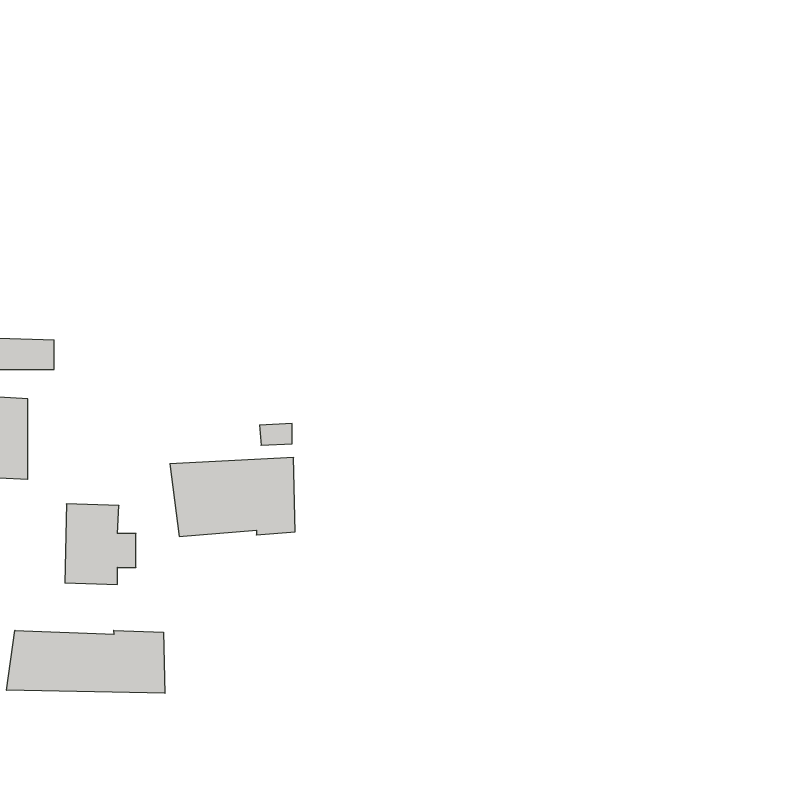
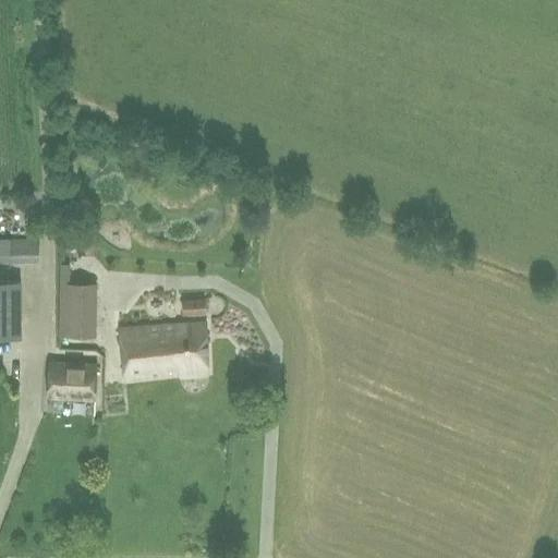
building: none -> [60,264,96,336]
building: [7,630,165,693] -> none

